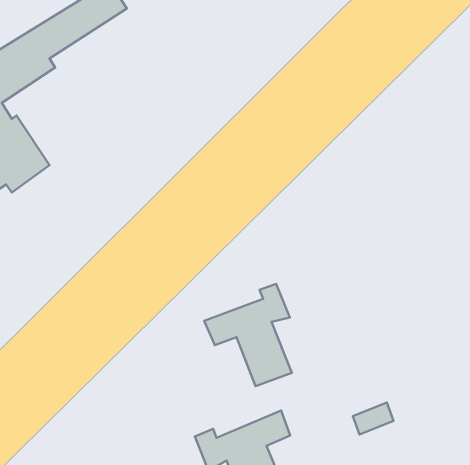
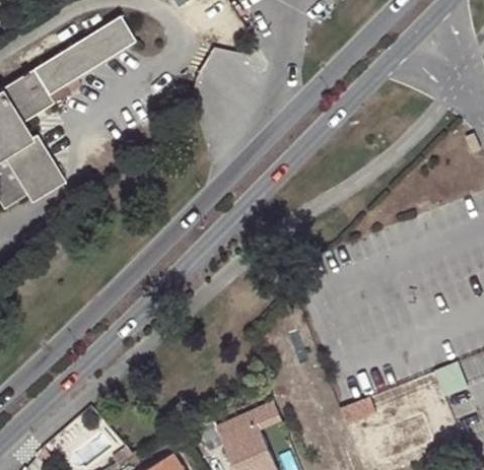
building: [204,284,292,386] -> none

